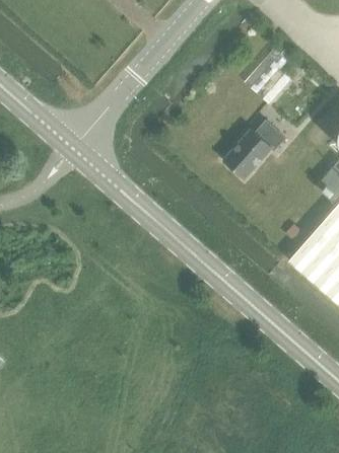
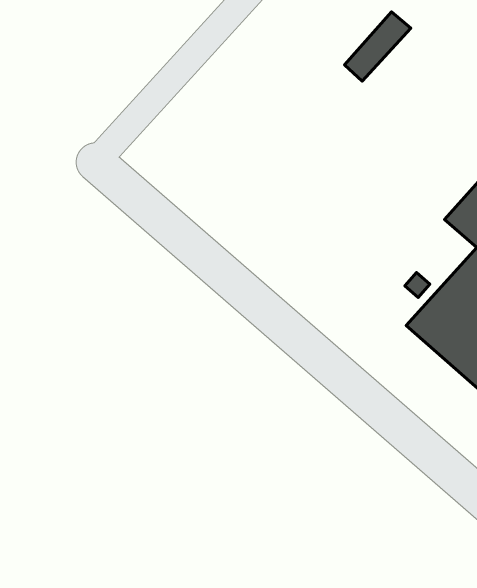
building: [223,120,286,178] -> none

